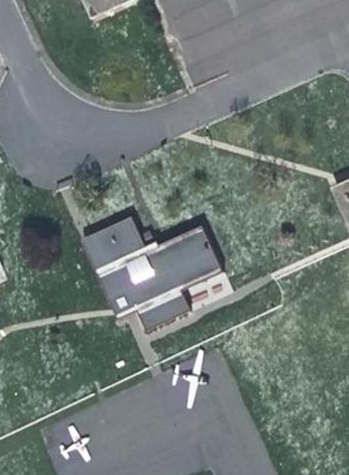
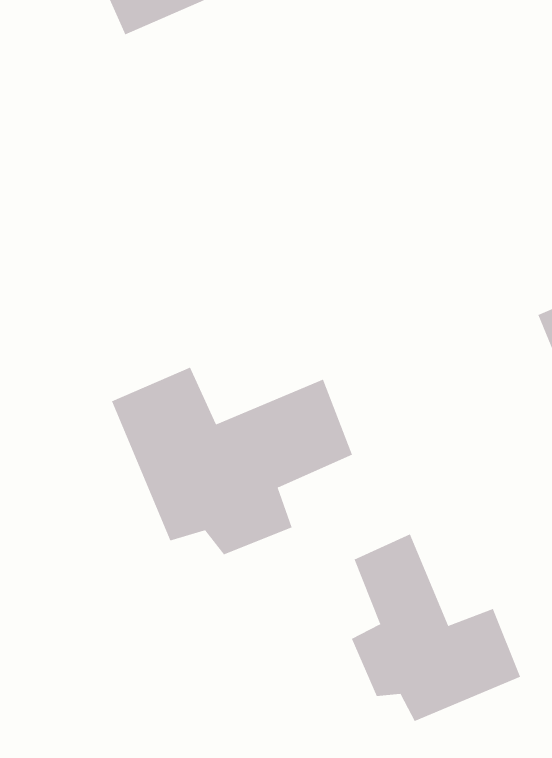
building: none -> [351,533,521,722]

